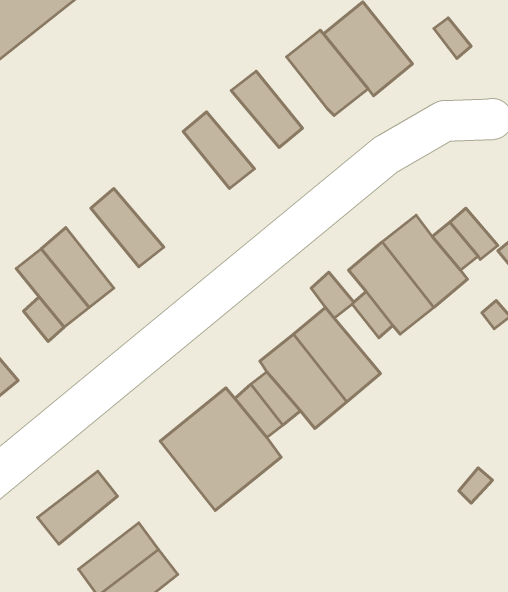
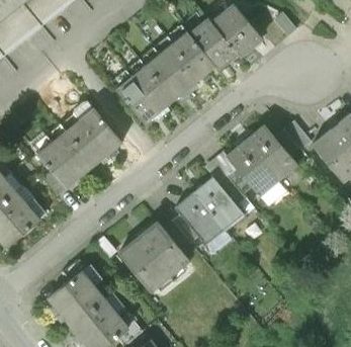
building: none -> [174,32,214,76]
building: none -> [146,55,187,99]
building: none -> [118,78,159,122]
building: none -> [66,121,107,167]
building: none -> [62,285,107,327]

